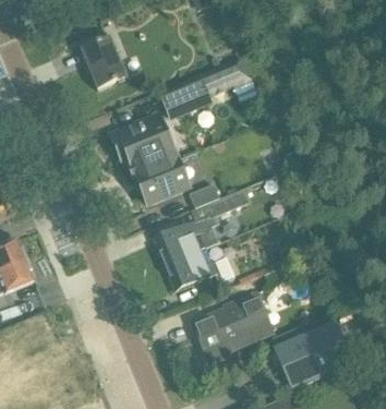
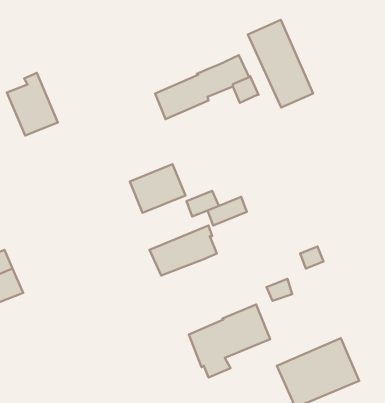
building: none -> [248,20,313,107]
building: [80,29,128,88] -> [7,73,58,135]
building: [110,115,179,175] -> none
building: [165,248,233,289] -> none

